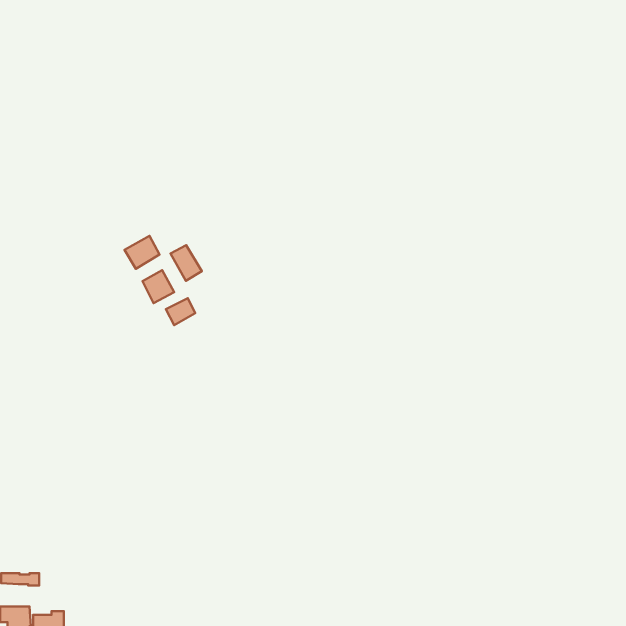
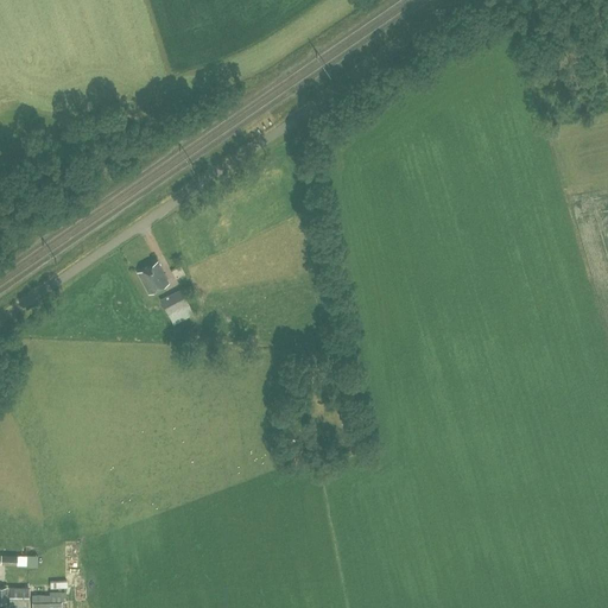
building: [125,236,160,269] -> none
building: [171,245,202,281] -> none

